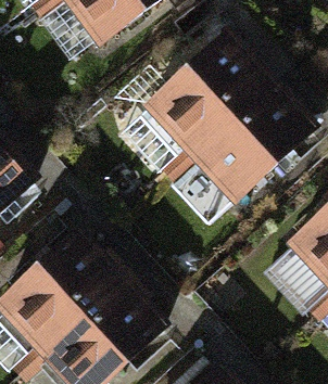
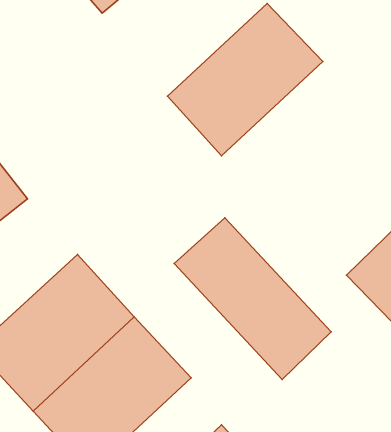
building: [184,86,306,205] -> none
building: none -> [174,218,331,379]

